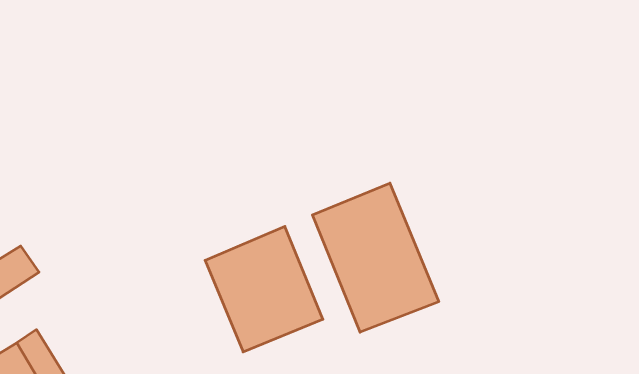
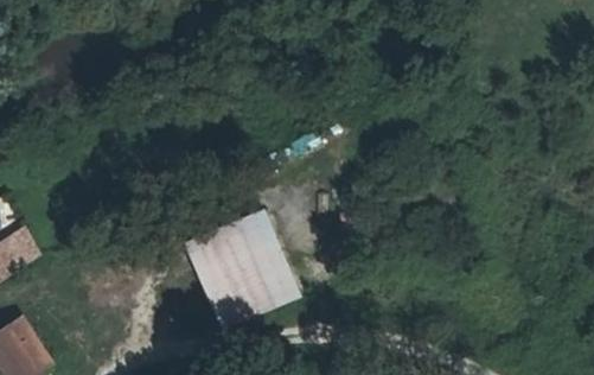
building: [312,183,439,332] -> none

